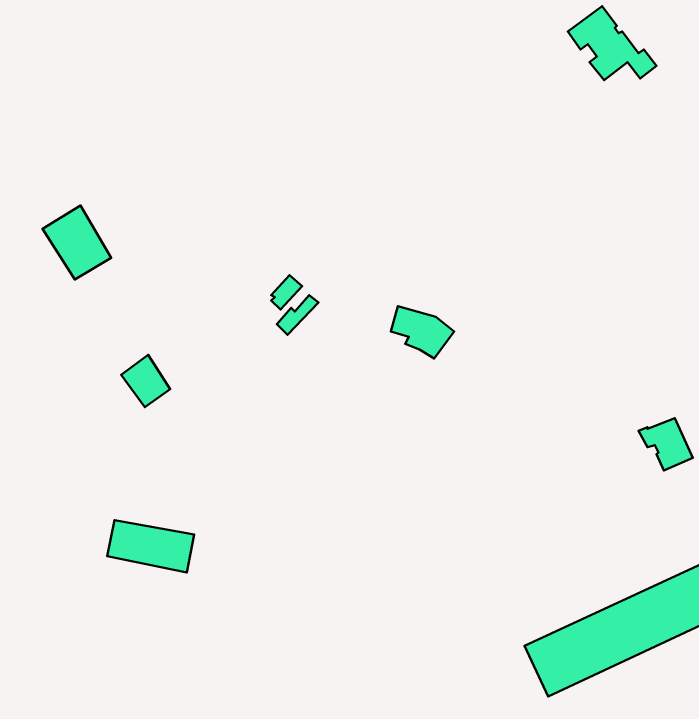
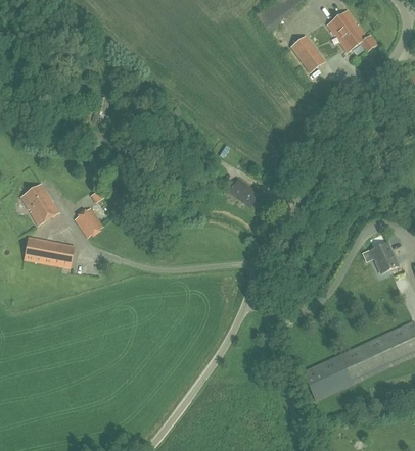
building: none -> [291,36,324,71]
building: [42,205,111,280] -> [20,183,59,224]
building: [107,520,194,573] -> [25,238,74,267]

